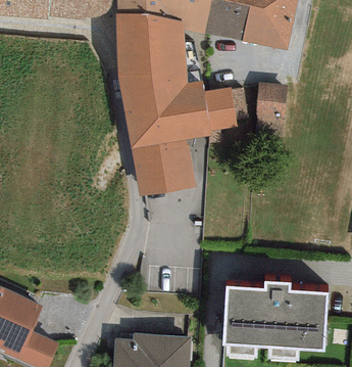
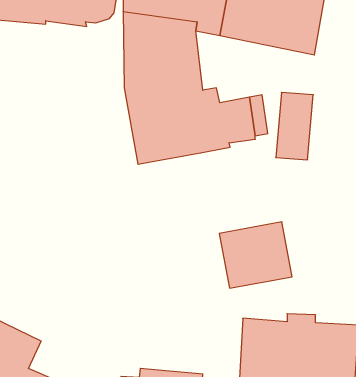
building: [131,138,196,197] -> [219,222,292,288]

